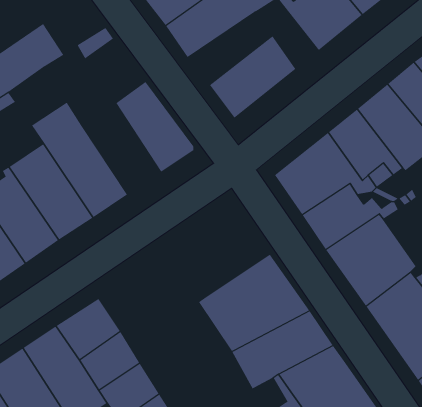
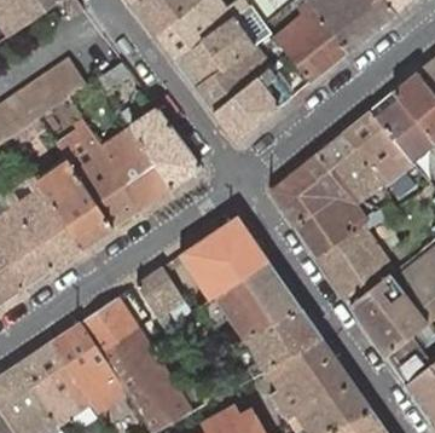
building: none -> [195,47,269,111]
building: none -> [103,127,172,207]
building: none -> [180,217,267,298]
building: none -> [137,266,192,327]

